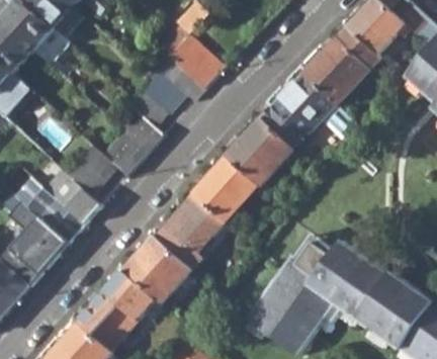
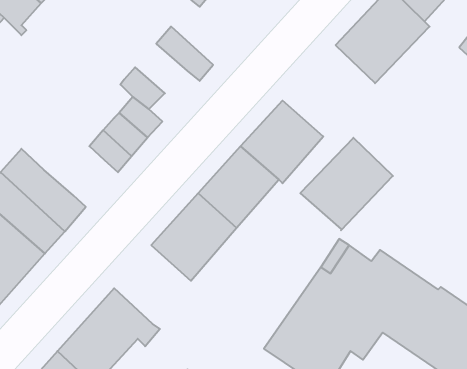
building: [166,42,229,89] -> none
building: [140,72,182,113] -> none
building: [260,73,336,149] -> [300,138,393,230]
building: [65,146,114,196] -> none
building: [122,237,190,305] -> none

